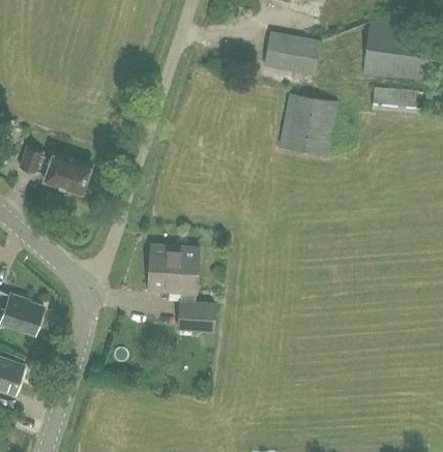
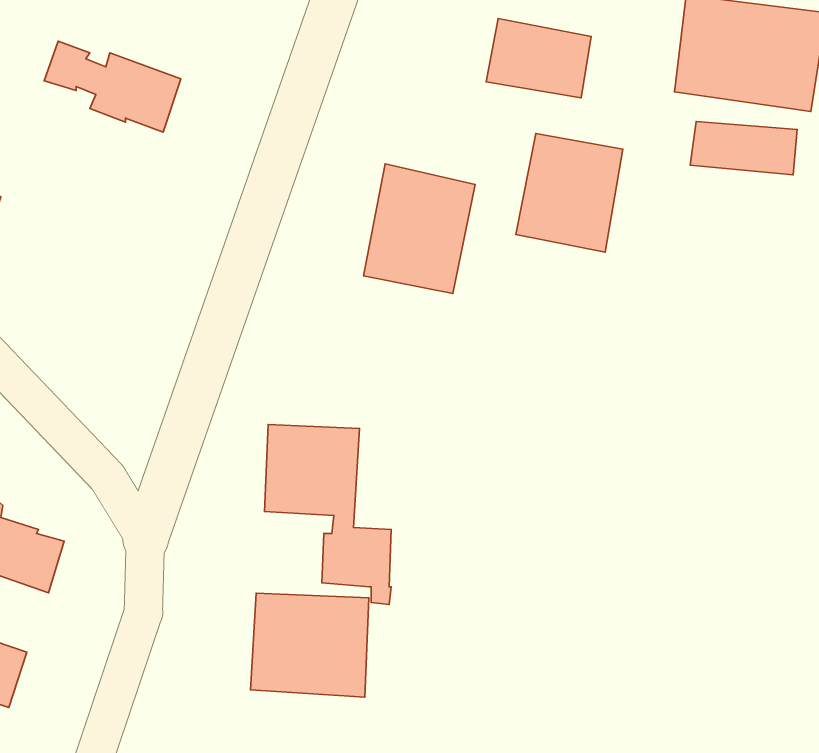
building: none -> [363,164,475,293]
building: [20,146,91,193] -> [44,41,181,132]
building: none -> [251,593,369,697]

